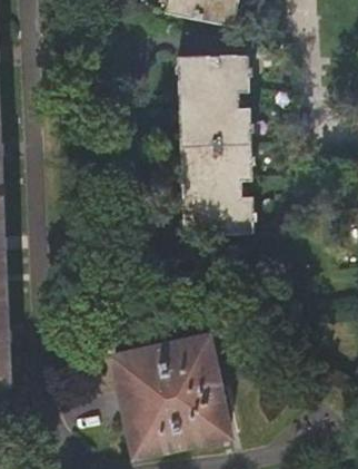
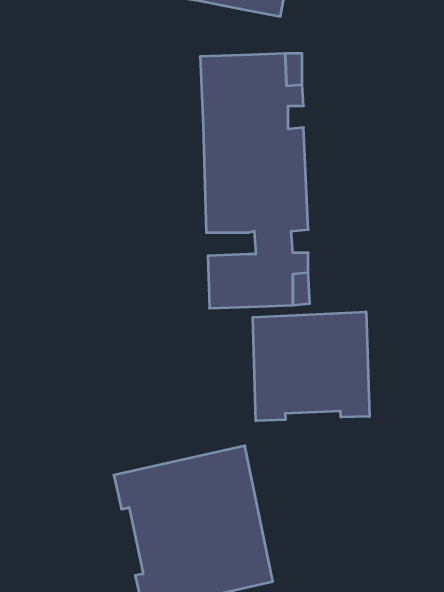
building: none -> [253,312,369,421]

